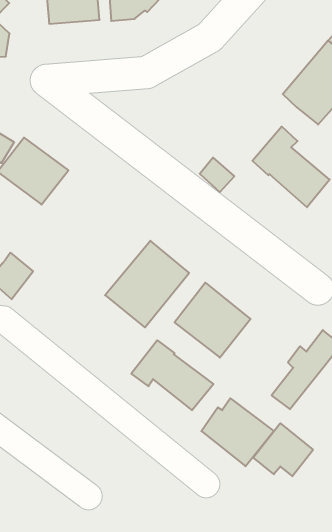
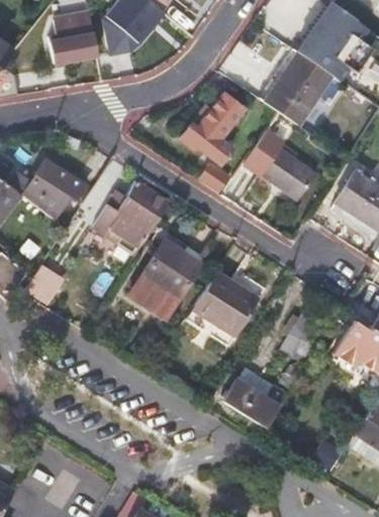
building: none -> [181,92,238,158]
building: none -> [92,181,168,254]
building: [131,340,213,410] -> none
building: [253,423,313,476] -> none

